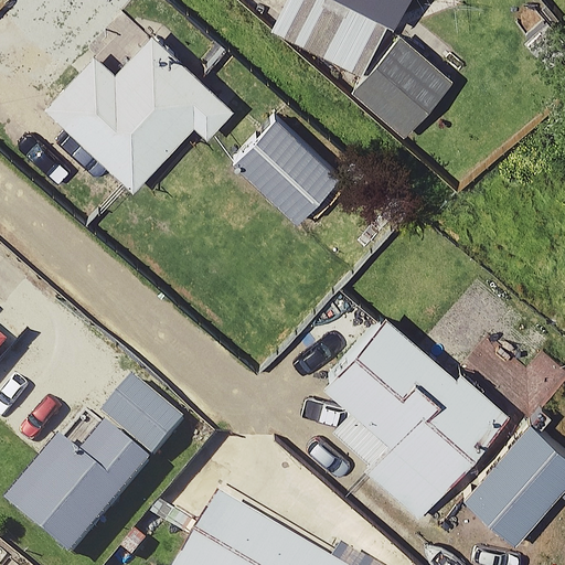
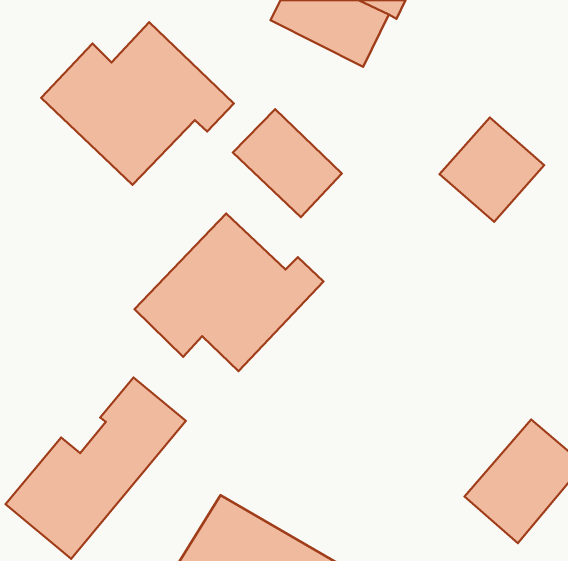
building: [350,35,454,139] -> [440,117,544,222]
building: none -> [134,213,323,371]
building: [321,315,509,516] -> none

